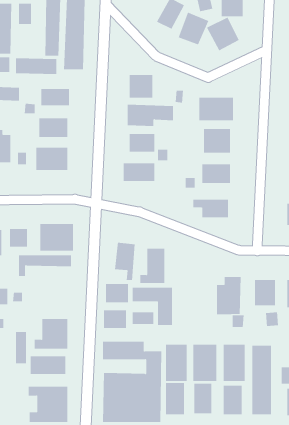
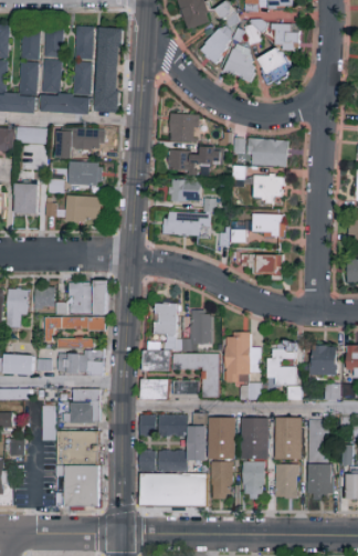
building: none -> [43,60,61,91]
building: none -> [225,332,261,382]
building: none -> [59,338,103,374]

